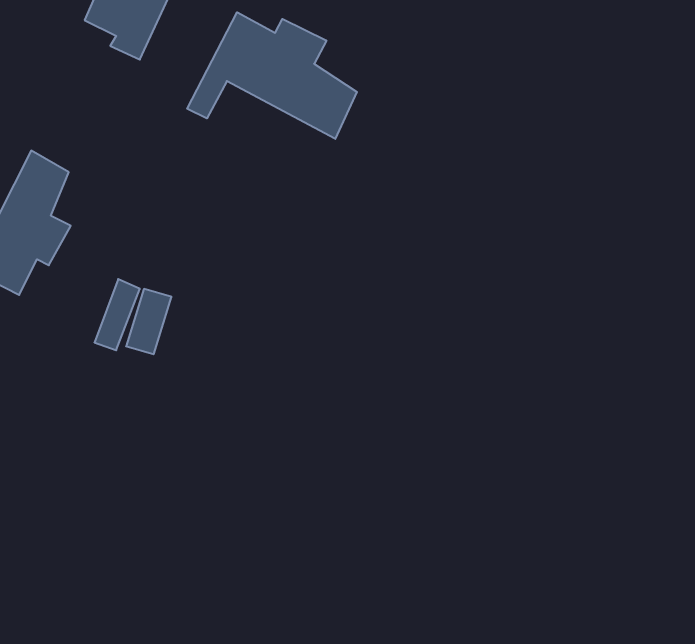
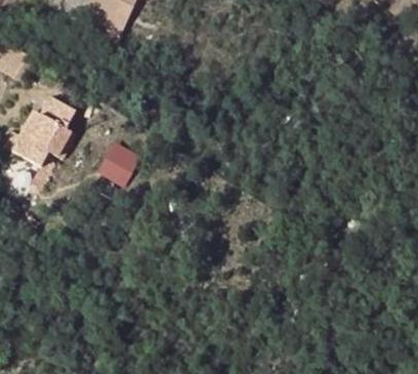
building: [187,12,357,139] -> none

